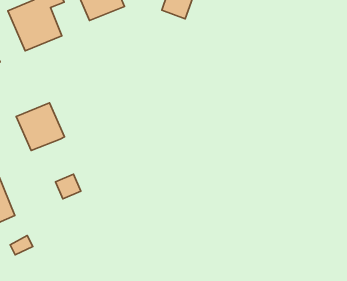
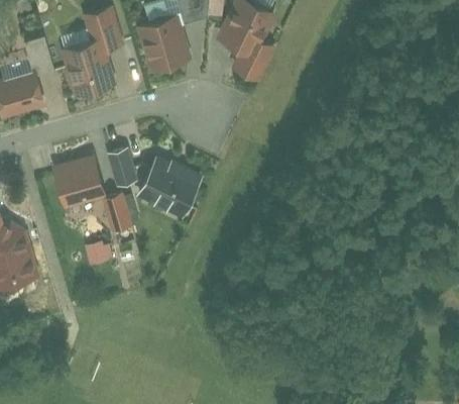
building: none -> [108,148,136,185]
building: none -> [136,156,199,216]
building: none -> [101,193,131,232]

